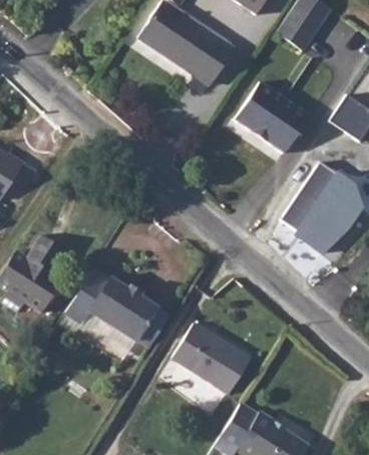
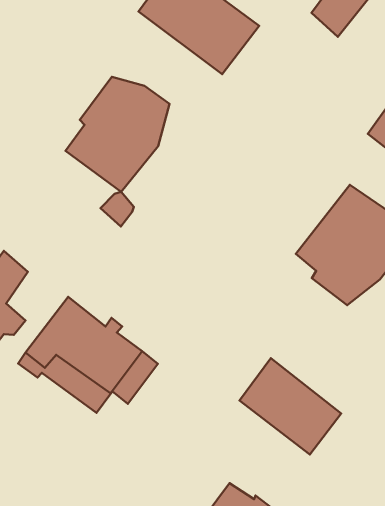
building: [237,81,311,152] -> none
building: none -> [66,77,169,192]
building: [168,323,249,397] -> [239,358,341,455]

